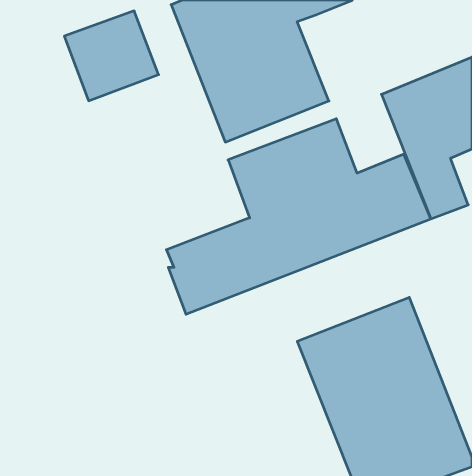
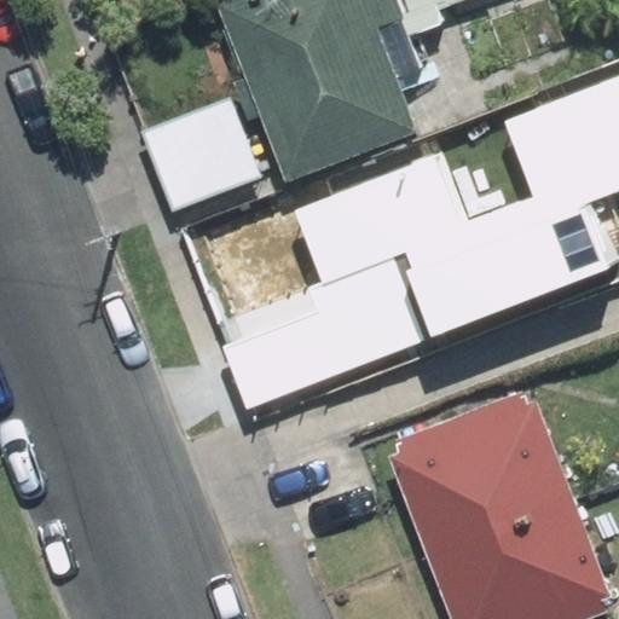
building: [64,11,159,101] -> [143,98,265,214]

